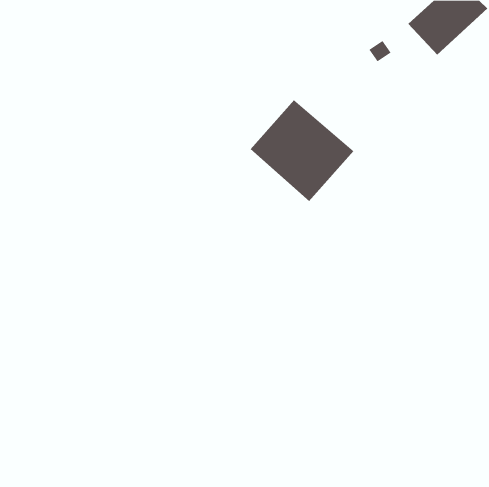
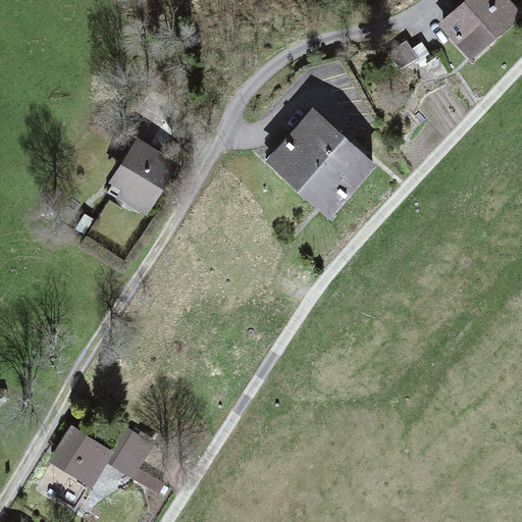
building: none -> [113,143,174,209]
building: none -> [49,424,155,486]

